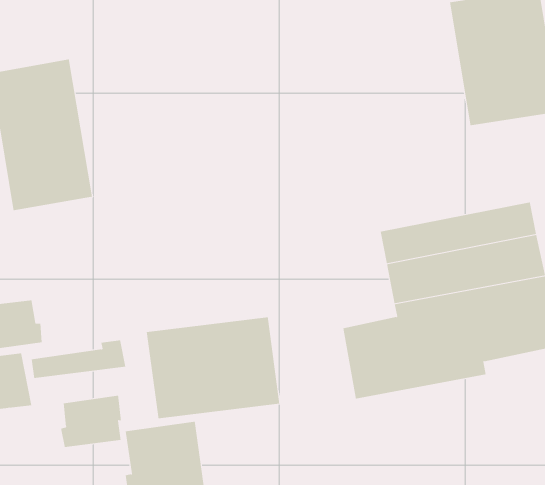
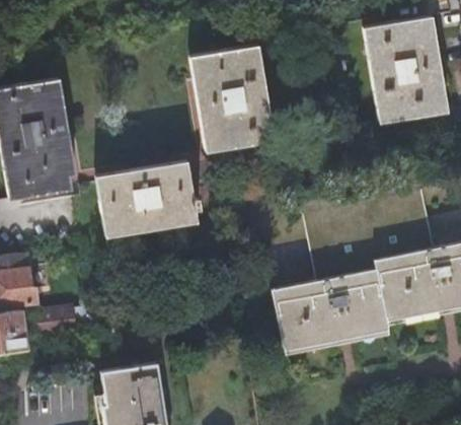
building: none -> [194,48,274,153]
building: none -> [100,161,197,233]
building: [146,316,280,419] -> none
building: [61,395,121,448] -> none

